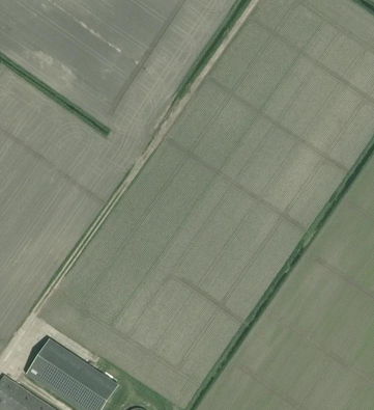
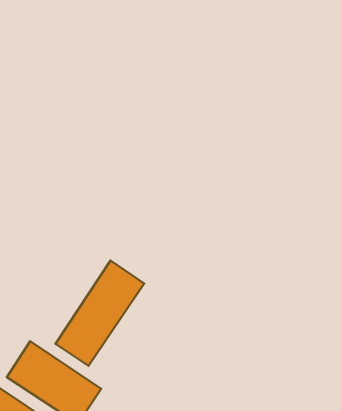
building: none -> [55,261,144,366]

